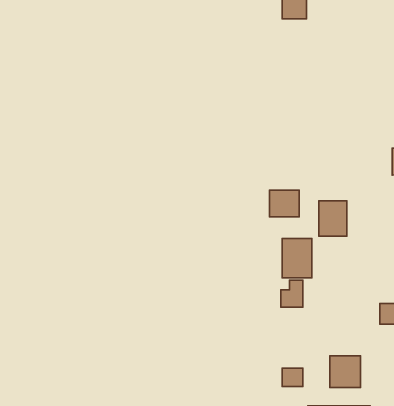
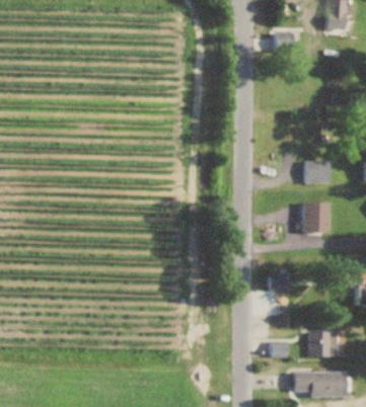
building: [270,190,299,217] -> [304,160,328,182]
building: [282,238,312,278] -> none

